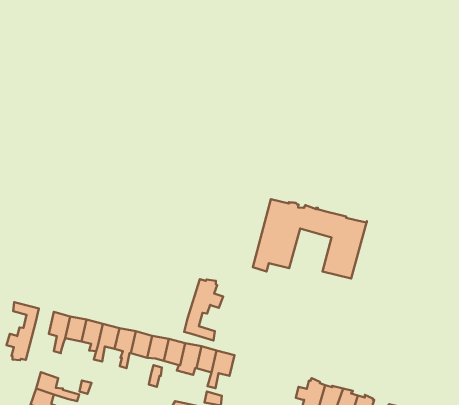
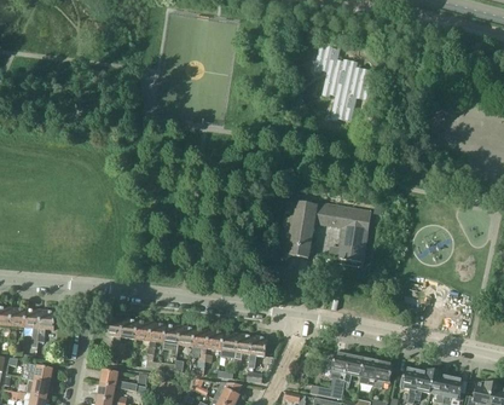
building: none -> [314,42,376,121]
building: [184,279,223,340] -> none
building: [6,302,39,360] -> none

